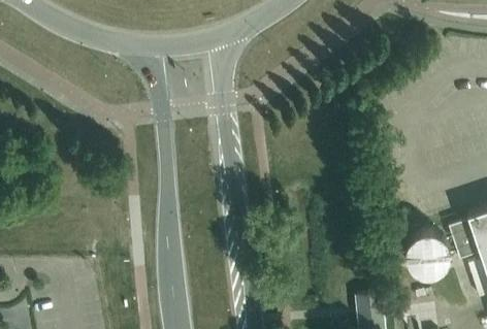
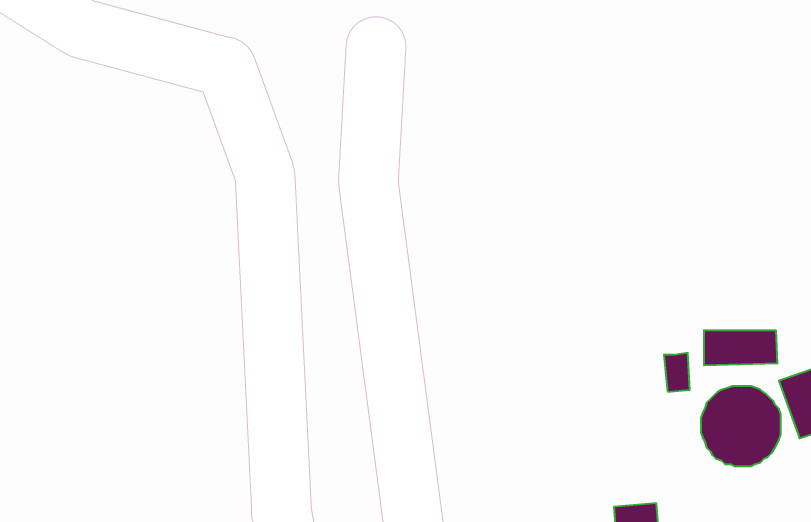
building: none -> [704,330,777,365]

